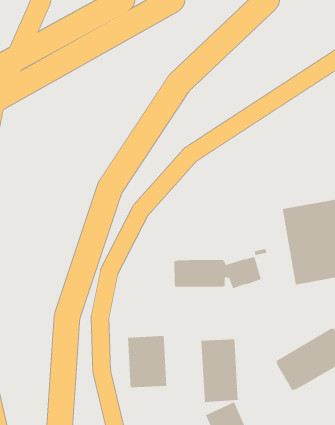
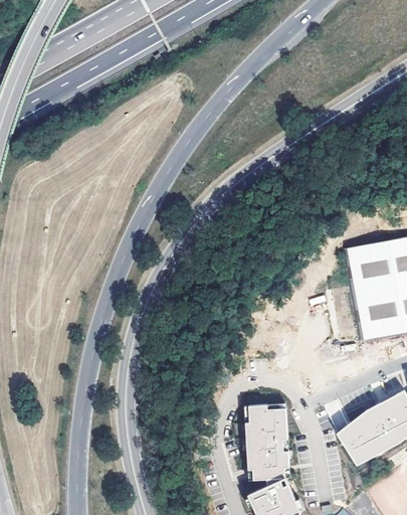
building: [174,256,262,289] -> none
building: [127,335,167,388] -> none

